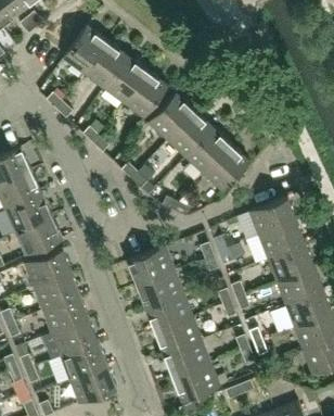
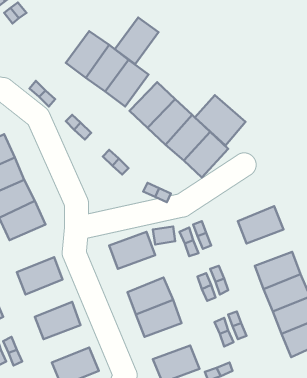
building: [63,26,107,74] -> [115,17,158,64]
building: none -> [195,95,245,145]
building: [249,197,296,236] -> none
building: [268,244,314,281] -> none
building: [25,249,72,288] -> none
building: [137,270,183,308] -> none
building: [42,295,90,333] -> none
building: [164,340,210,377] -> none
building: [61,342,107,380] -> none

